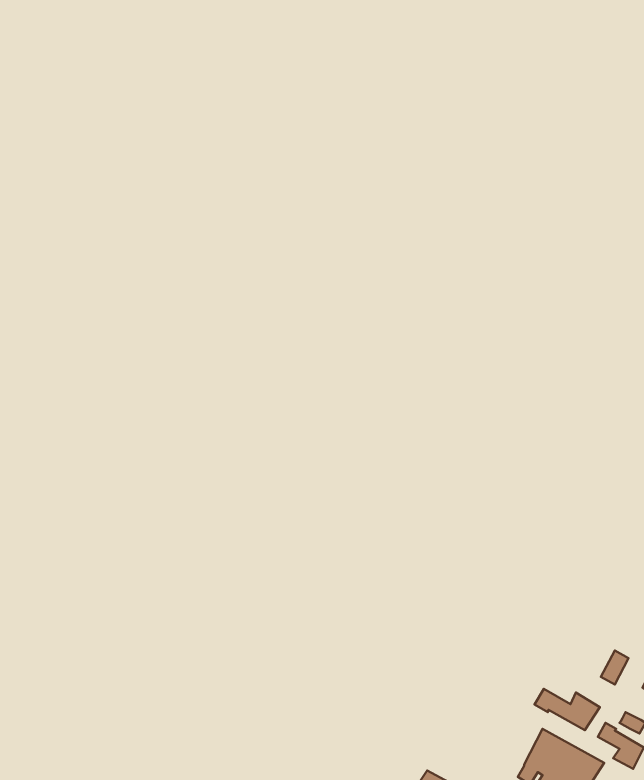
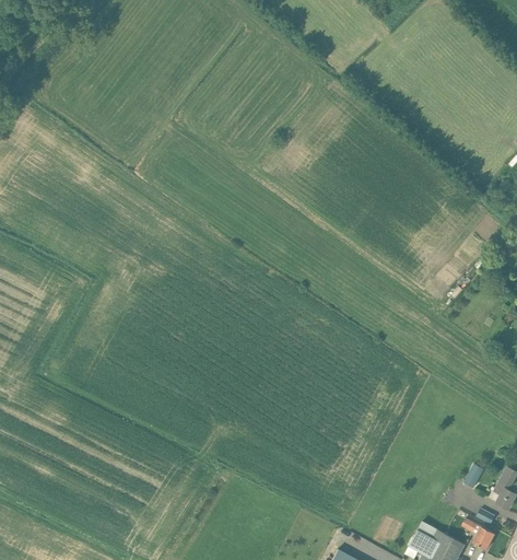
building: [535,689,600,730] -> none

